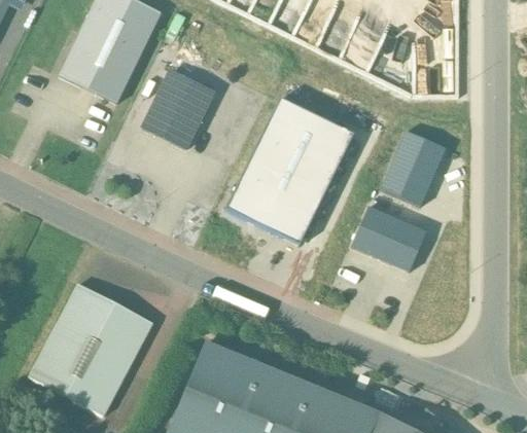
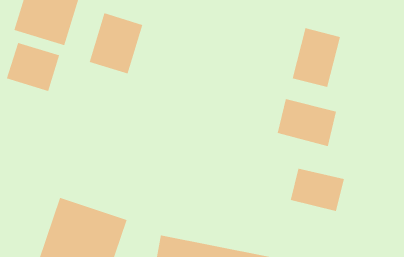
building: none -> [6,42,60,92]
building: [225,99,354,247] -> none
building: none -> [290,168,345,212]

